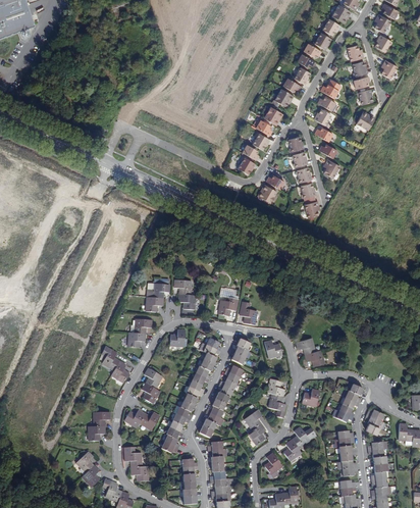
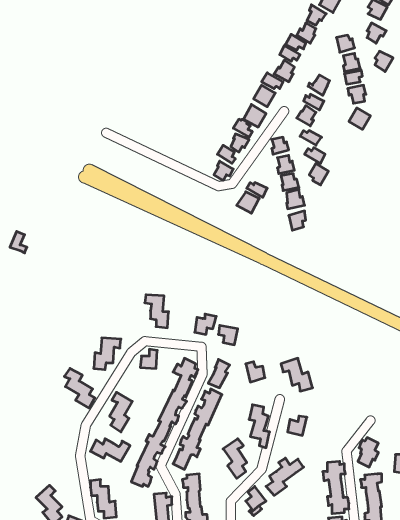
building: [145,283,169,311] -> none
building: [331,384,363,421] -> none
building: [88,411,110,440] -> none

